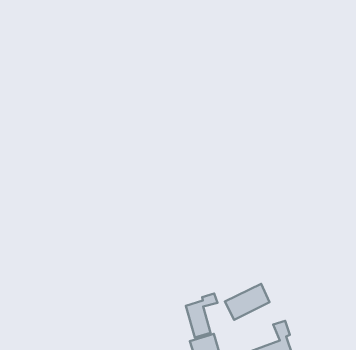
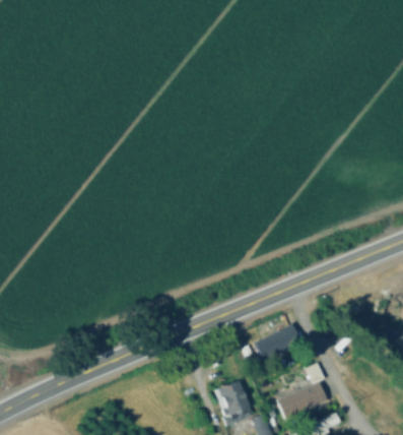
building: [186,293,218,337] -> none

